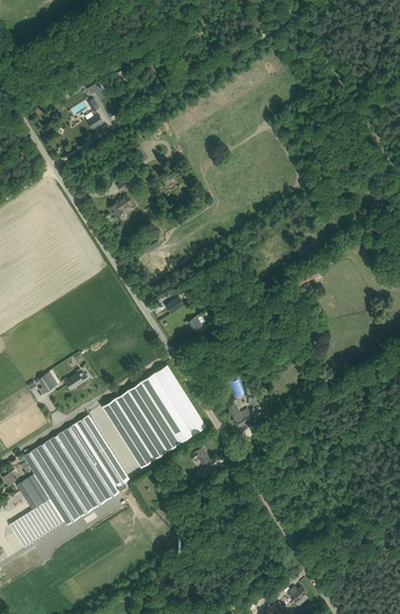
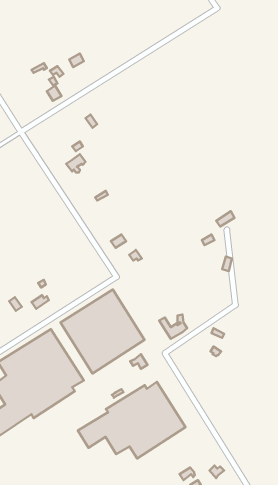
building: none -> [78,382,185,459]

